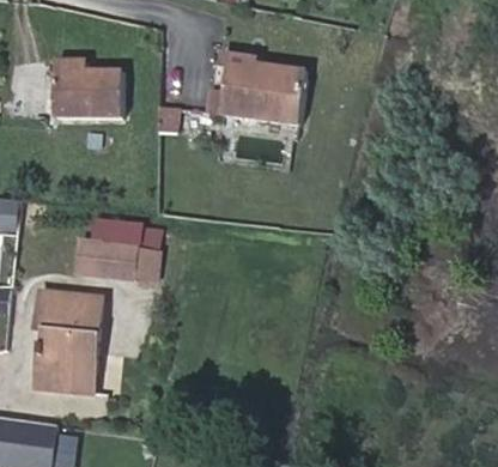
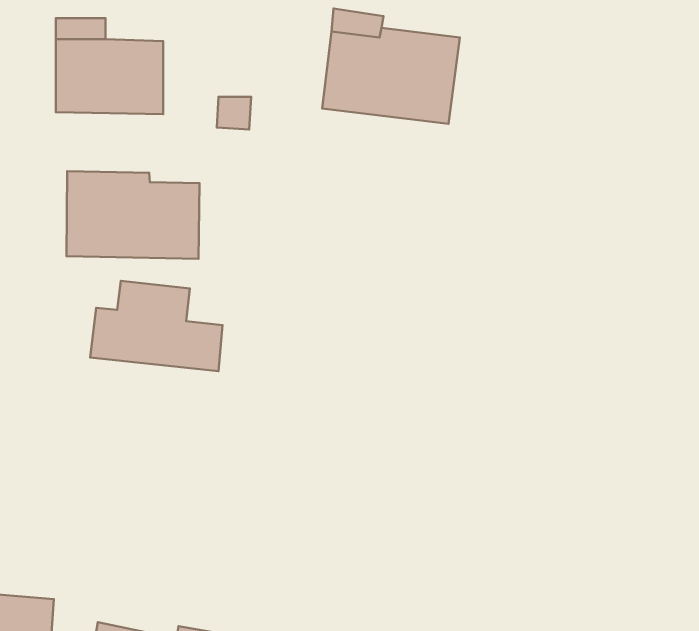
building: none -> [67,171,200,259]
building: [36,290,104,392] -> none

